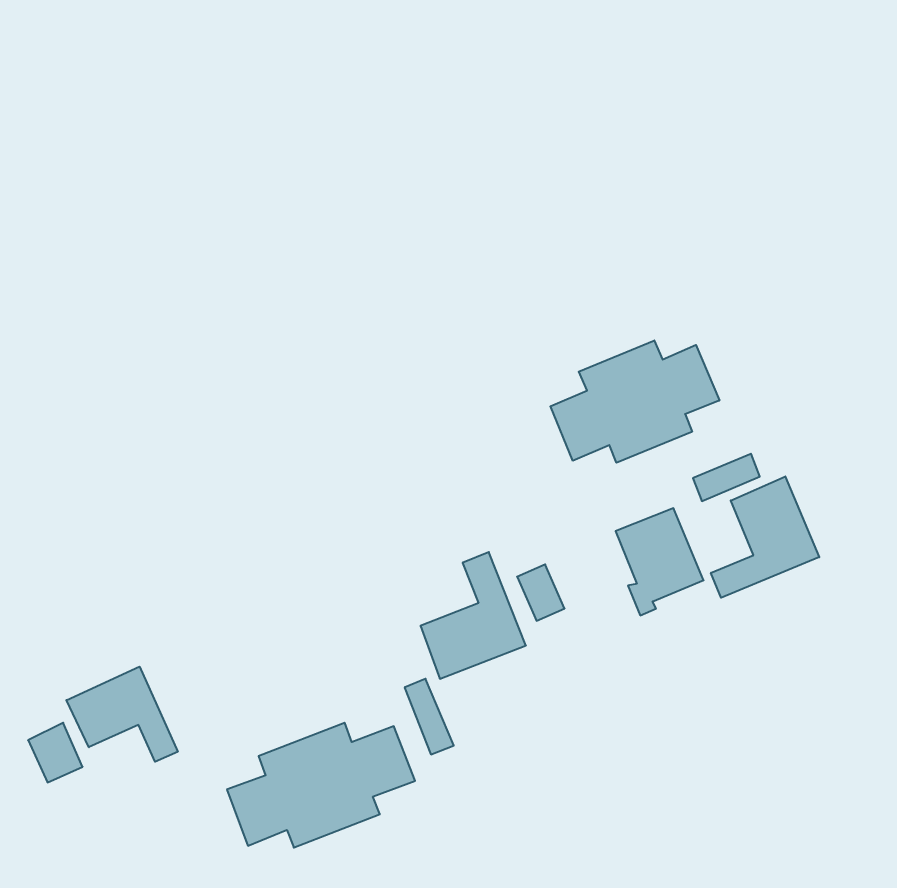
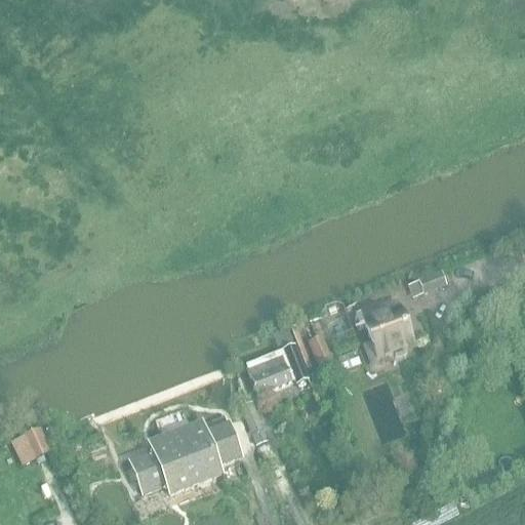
building: [550,340,719,463] -> none
building: [711,476,819,598] -> none
building: [66,667,178,762] -> none

